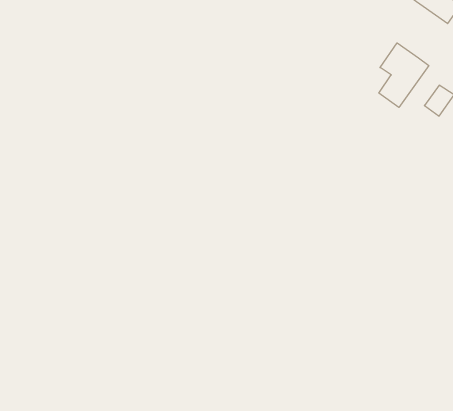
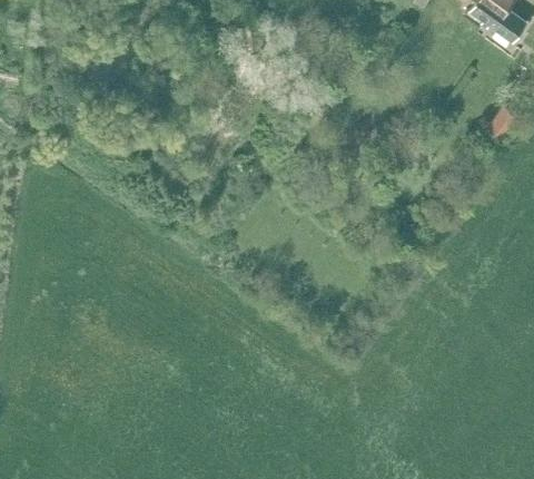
building: [379,43,429,107] -> none

